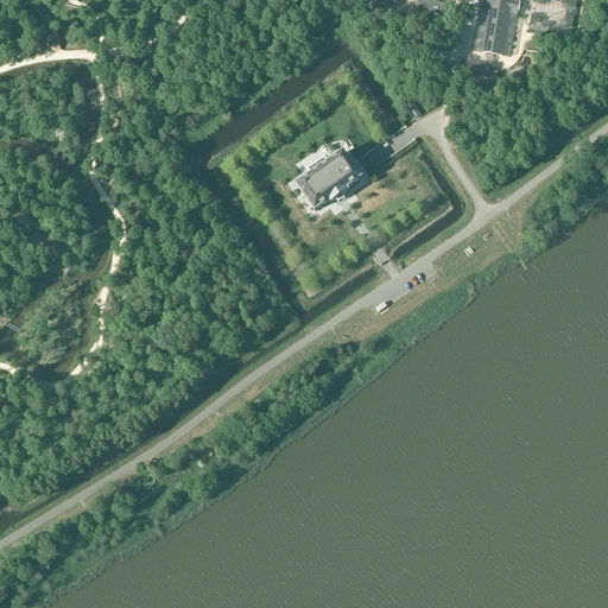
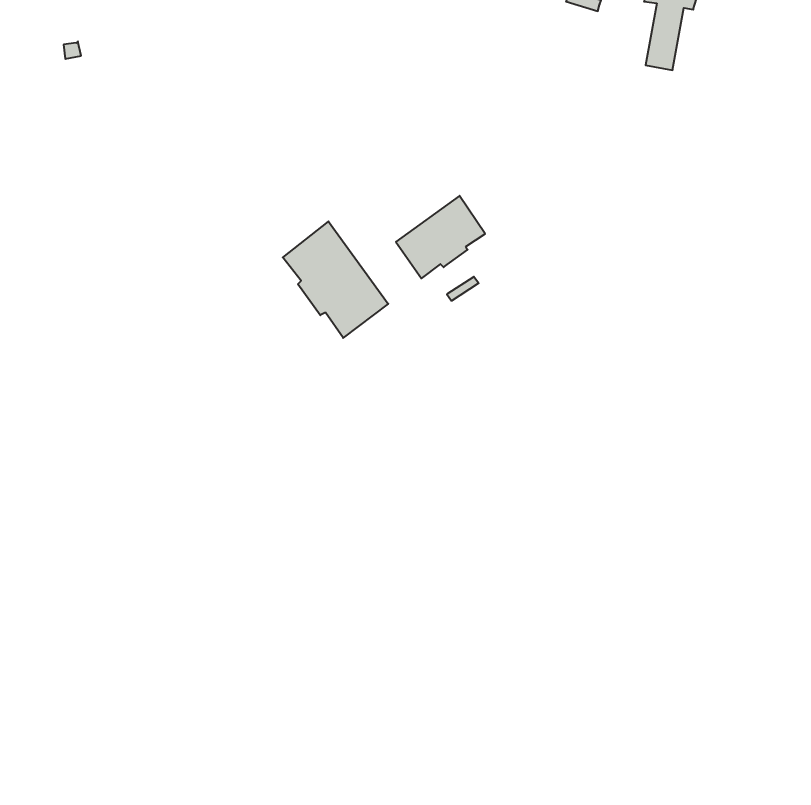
building: none -> [283,221,388,338]

